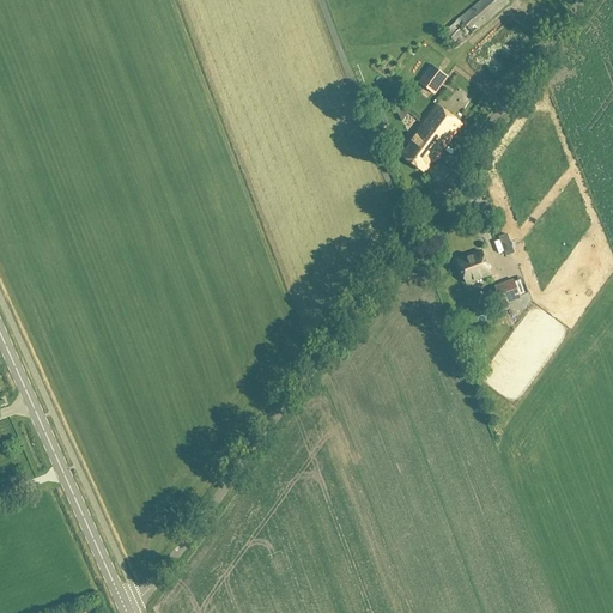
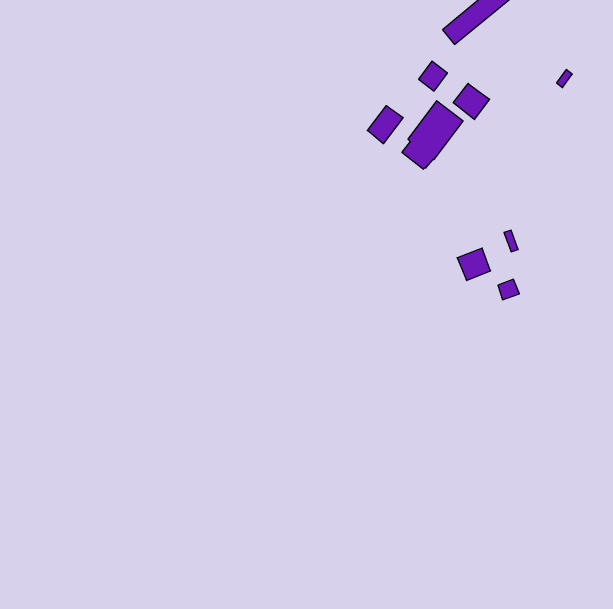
building: none -> [453,83,490,120]
building: none -> [367,106,403,144]

